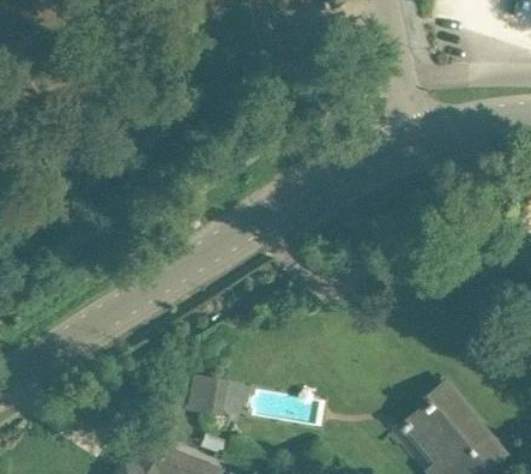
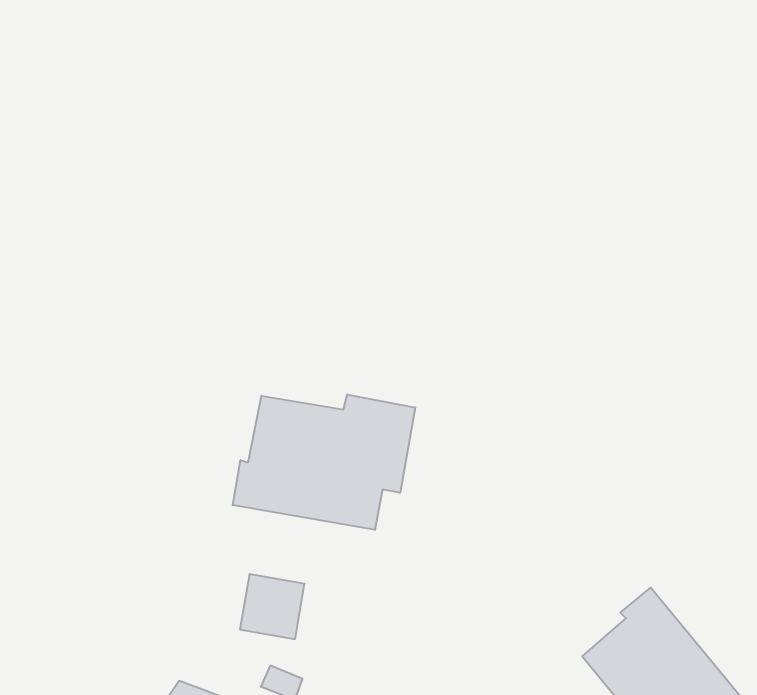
building: none -> [233,394,415,530]

